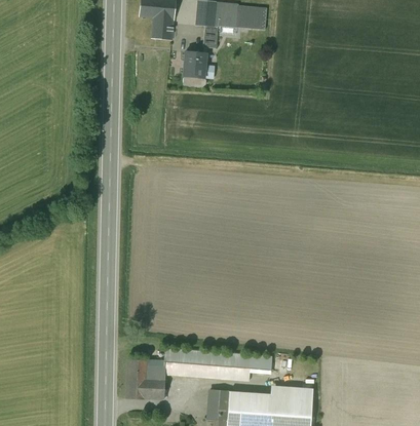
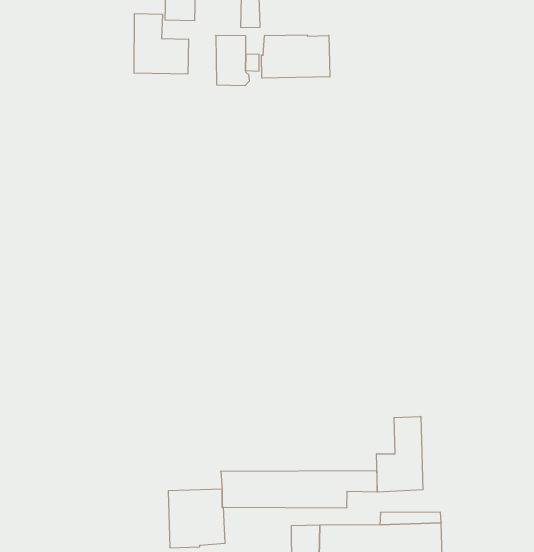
building: none -> [134,14,188,74]
building: none -> [262,35,330,78]
building: none -> [377,416,423,492]

